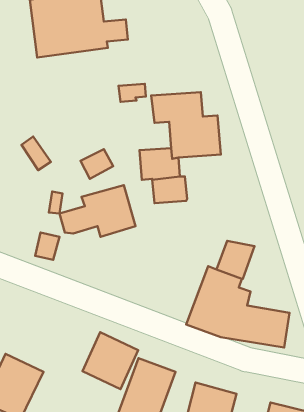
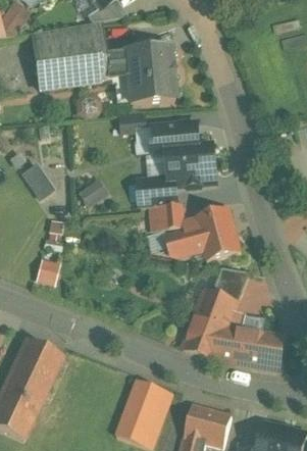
building: none -> [124,47,173,103]
building: [59,185,135,237] -> [166,209,240,259]
building: [82,332,138,389] -> [8,338,62,393]

